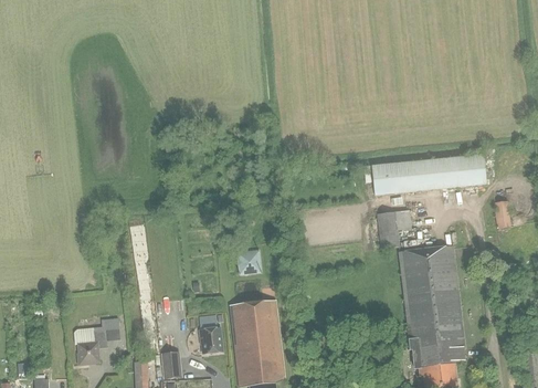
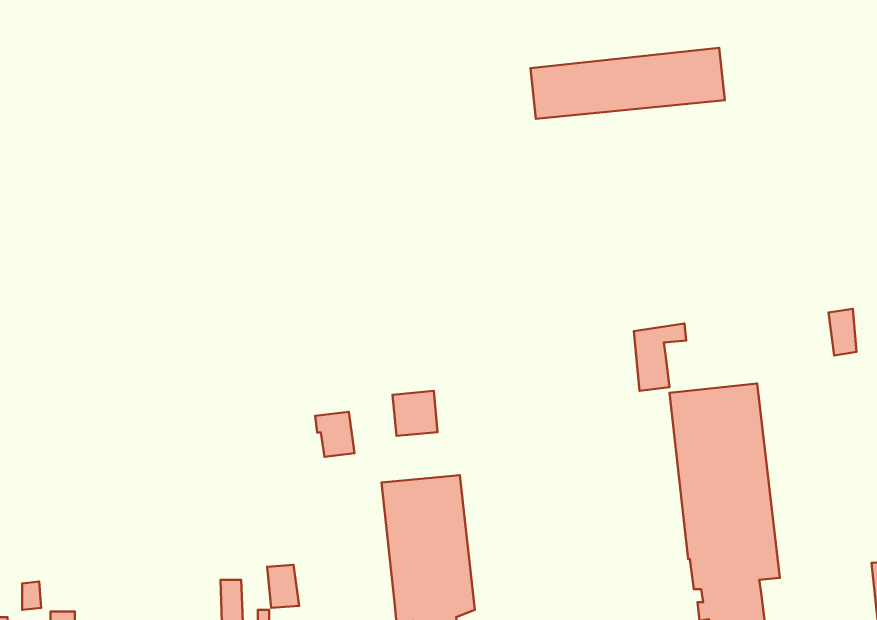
building: [371,153,486,195] -> [530,48,725,119]
building: [199,326,222,353] -> [315,412,355,457]
building: [73,327,107,365] -> none

